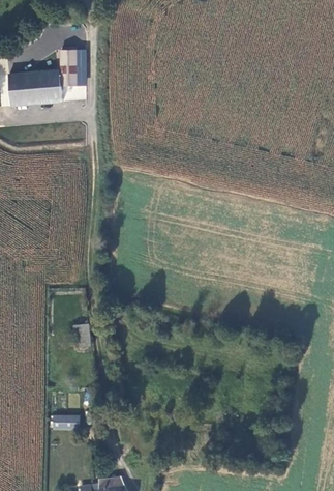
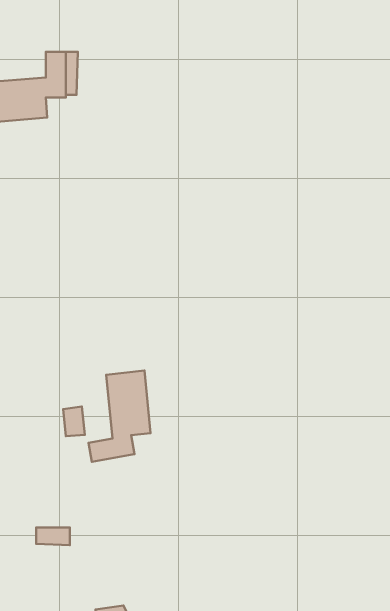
building: none -> [88,371,150,462]

